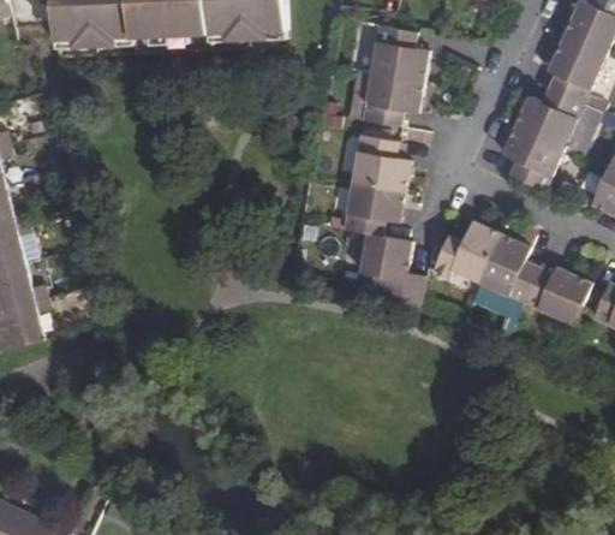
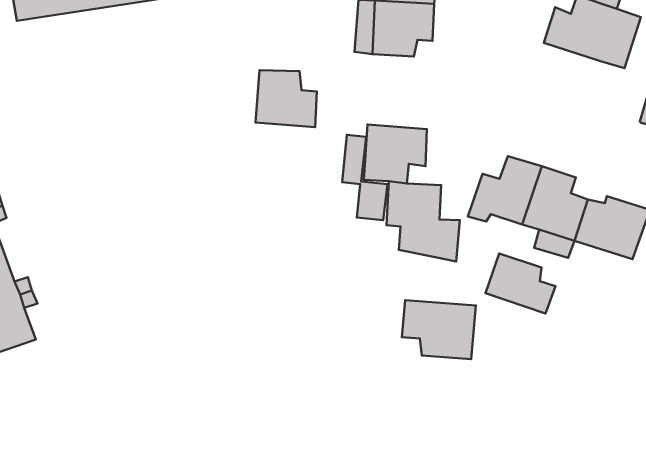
building: [503,124,563,189] -> none
building: [353,133,410,189] -> [256,70,317,127]
building: none -> [485,254,555,313]
building: none -> [402,300,476,359]

